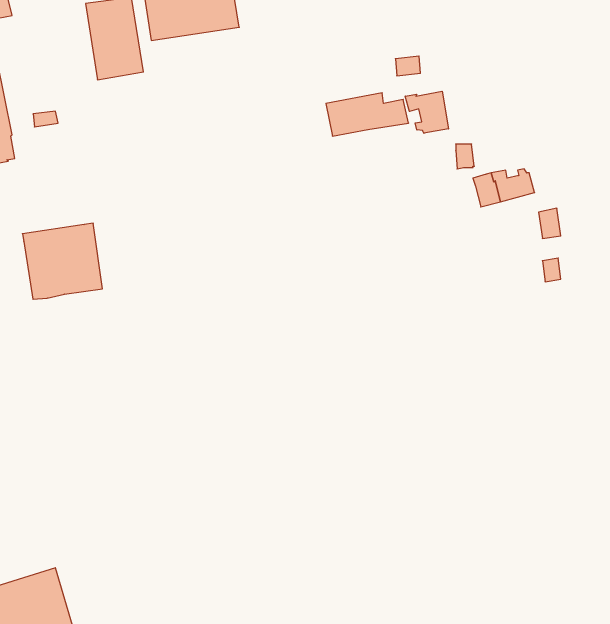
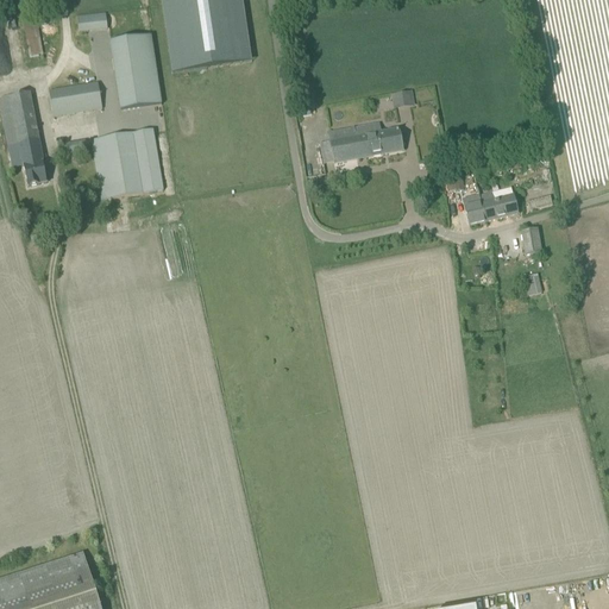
building: none -> [49,83,101,111]
building: [405,91,448,133] -> none
building: [22,223,102,299] -> [90,128,163,197]

